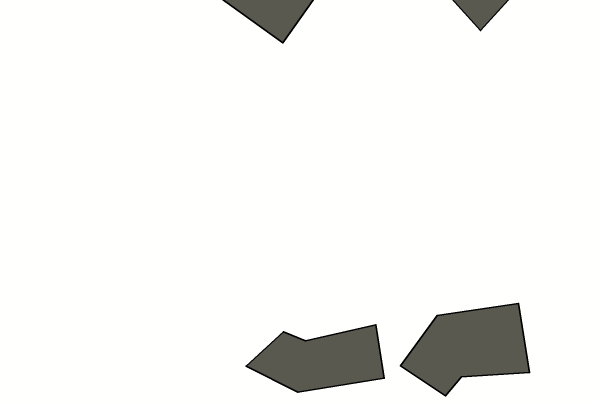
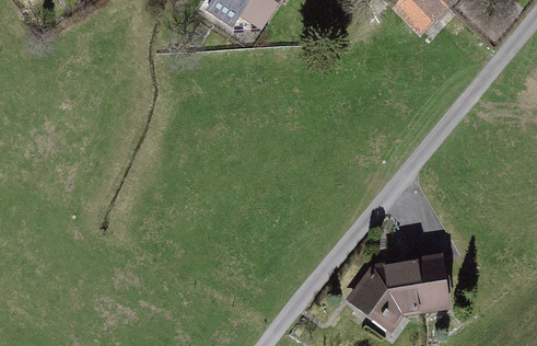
building: [246,325,384,392] -> none

